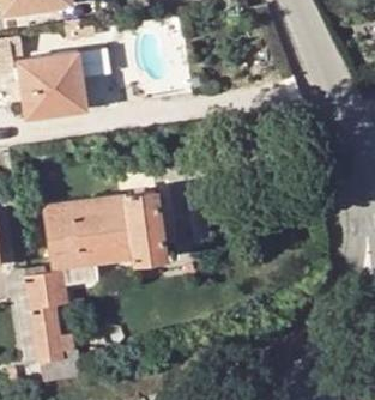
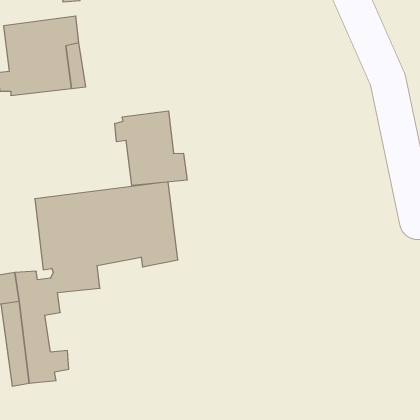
building: none -> [115,111,187,186]

